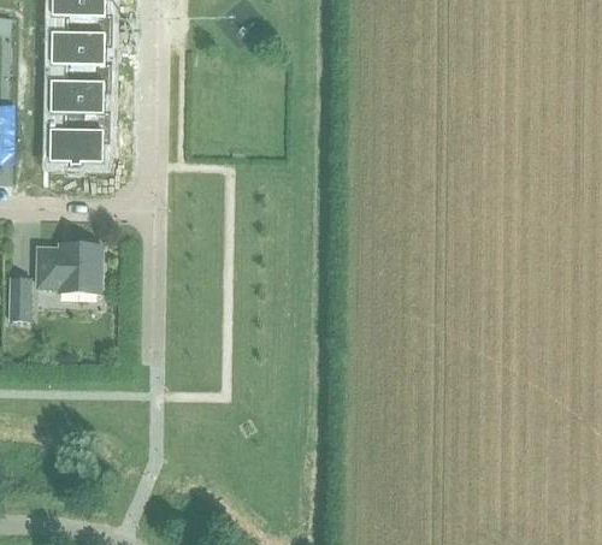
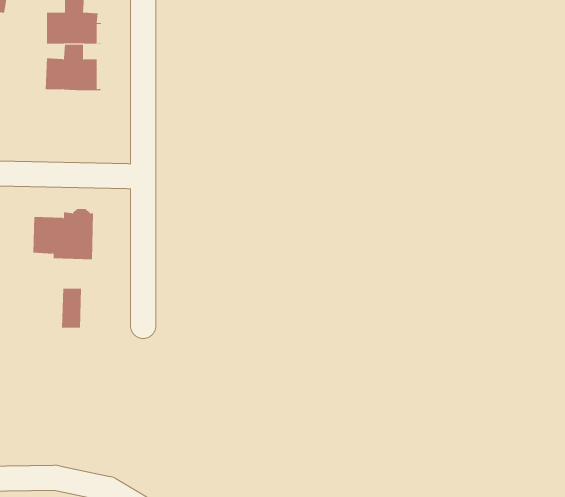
building: [49,113,108,166] -> none
building: [8,277,30,319] -> [61,288,82,328]

